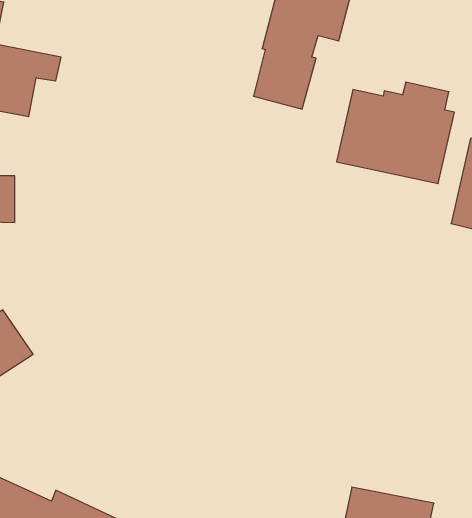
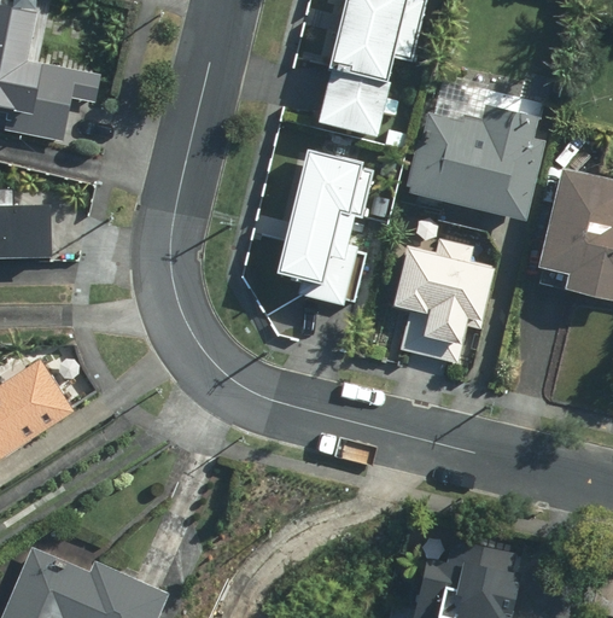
building: none -> [274,150,374,303]
building: none -> [395,237,494,361]

